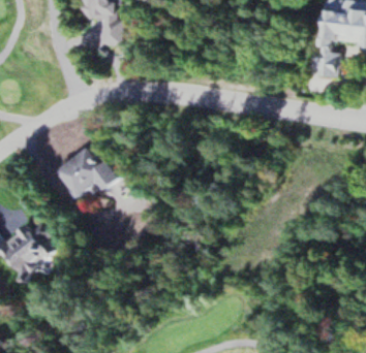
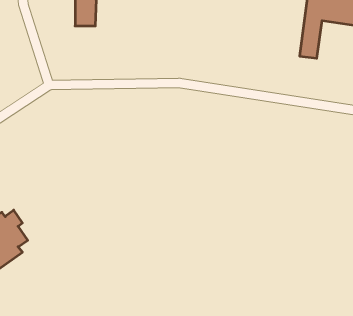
building: [57,146,115,202] -> none

